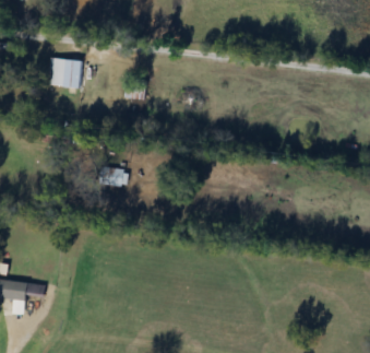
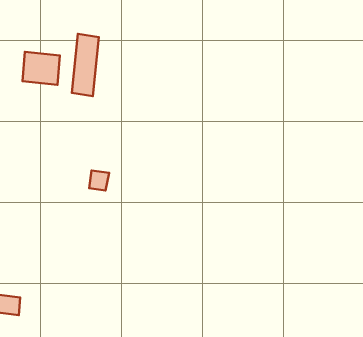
building: none -> [72,34,99,96]

